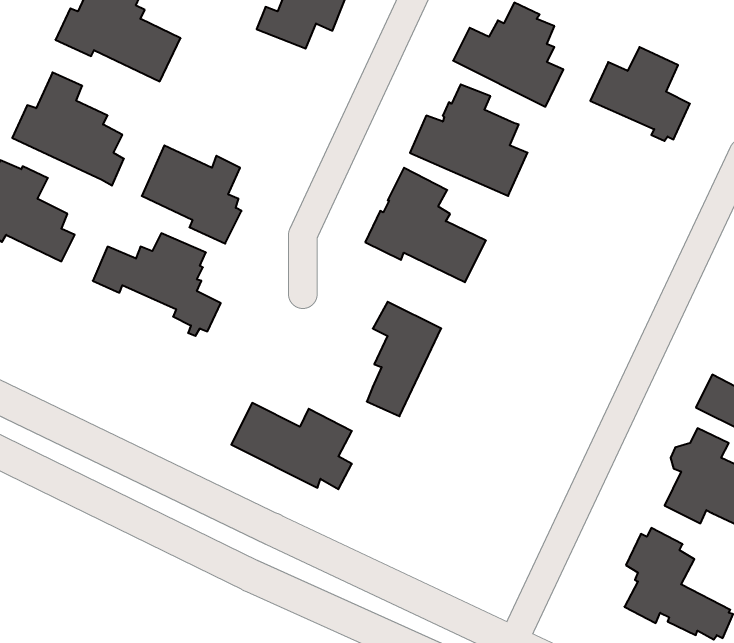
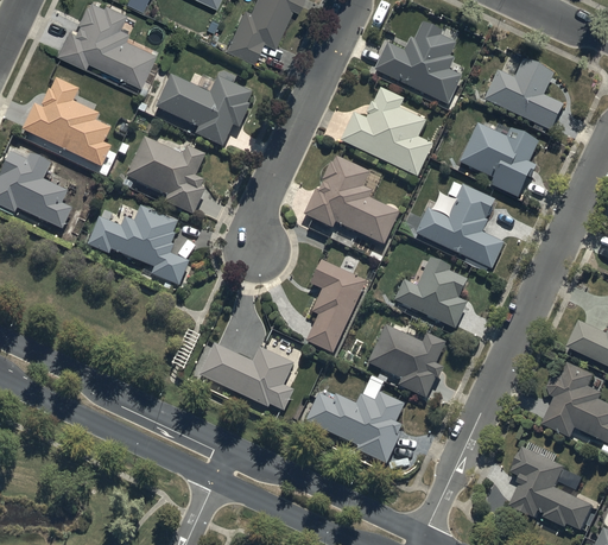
building: none -> [156,74,252,146]
building: none -> [460,122,537,197]
building: none -> [416,180,505,271]
building: none -> [393,256,467,328]
building: none -> [367,324,445,397]
building: none -> [305,391,404,463]

